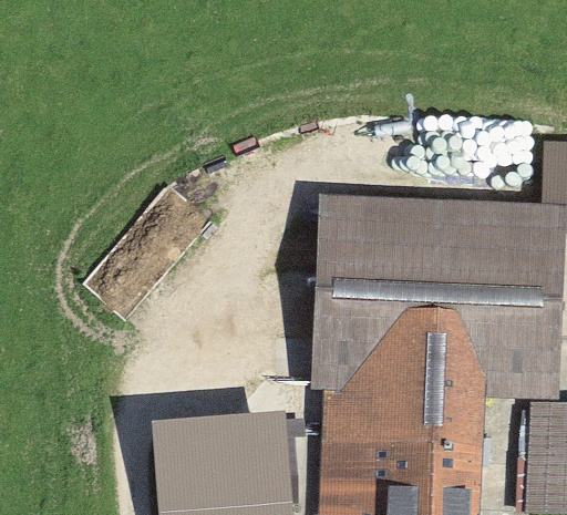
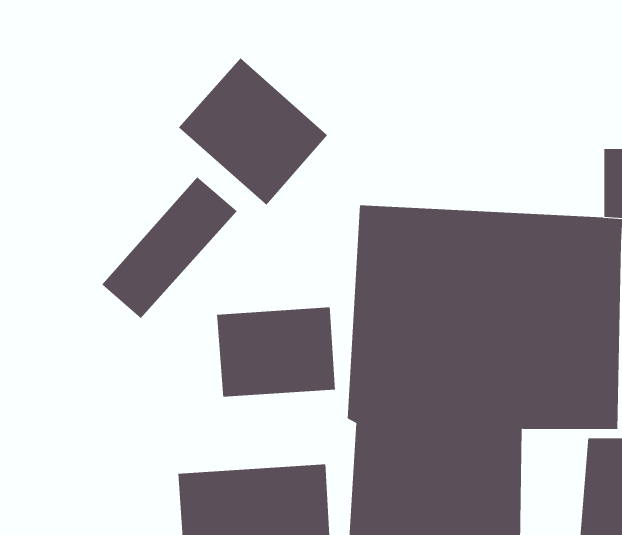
building: none -> [178,58,328,206]
building: none -> [217,307,336,397]

